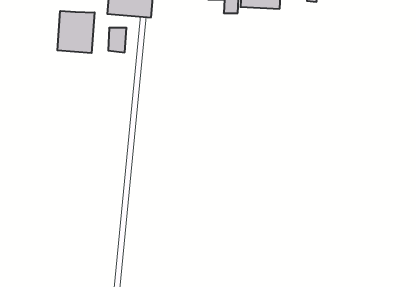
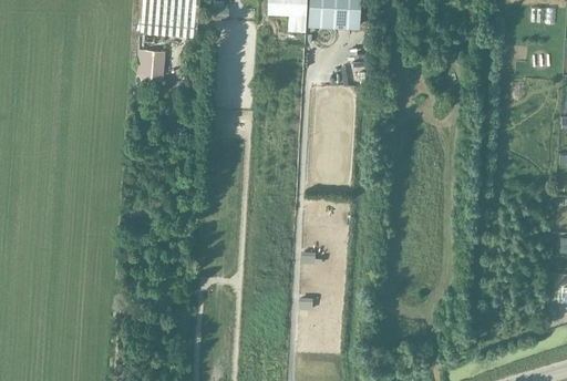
building: [57,11,95,53] -> none

